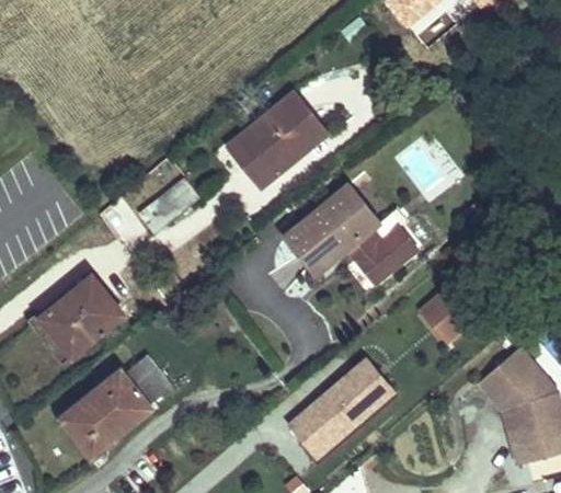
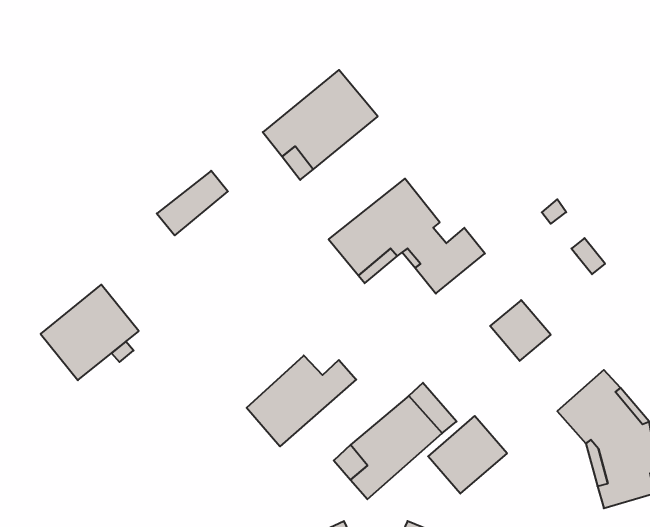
building: none -> [247,355,356,446]
building: [61,357,170,456] -> none
building: none -> [428,416,507,494]

